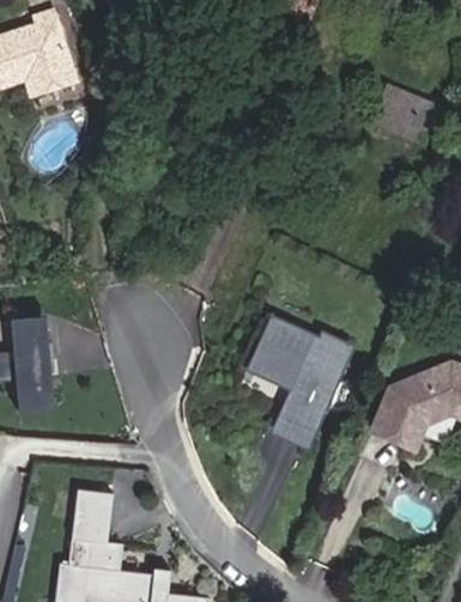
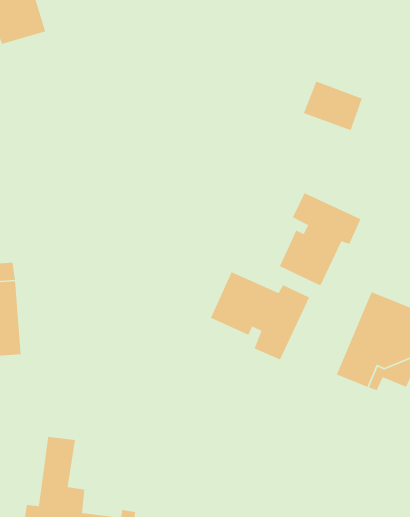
building: [375,86,436,138] -> [303,81,363,131]
building: none -> [279,192,362,286]
building: [274,402,317,448] -> none

